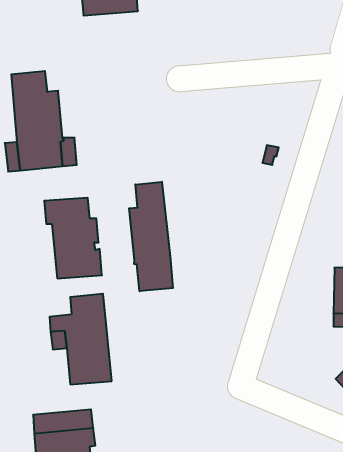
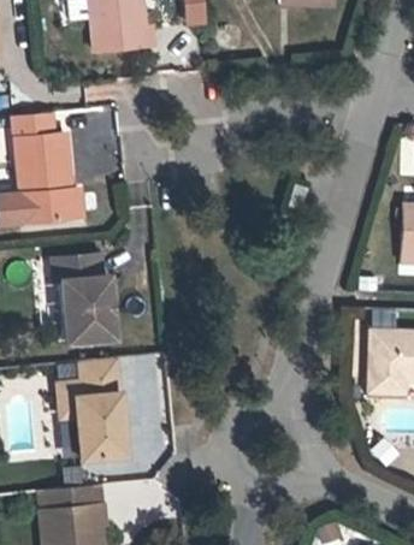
building: [129,182,173,291] -> none

